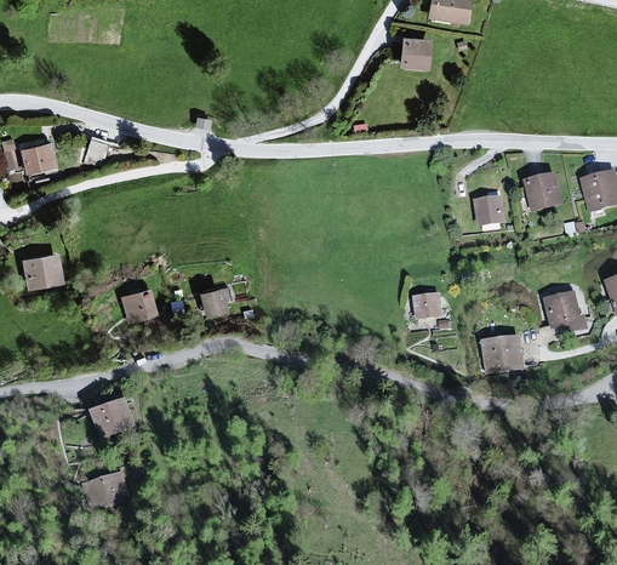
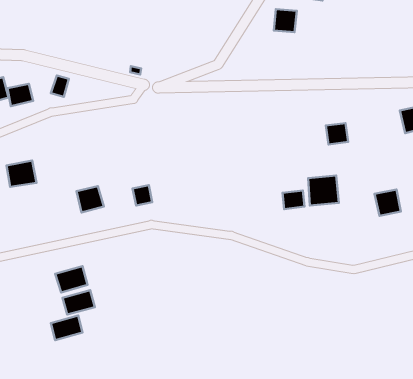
building: [525,173,562,210] -> none
building: [481,337,525,379] -> [308,176,339,205]
building: none -> [63,290,95,314]

